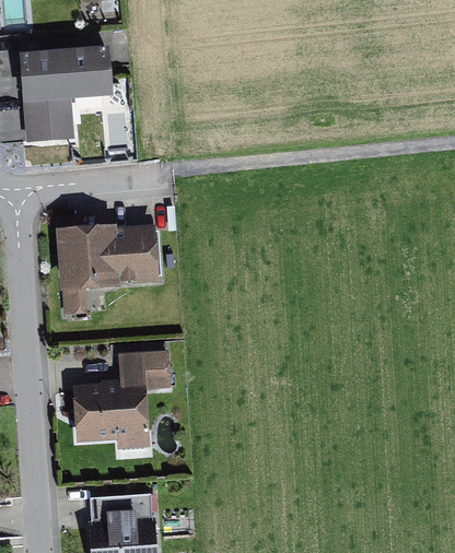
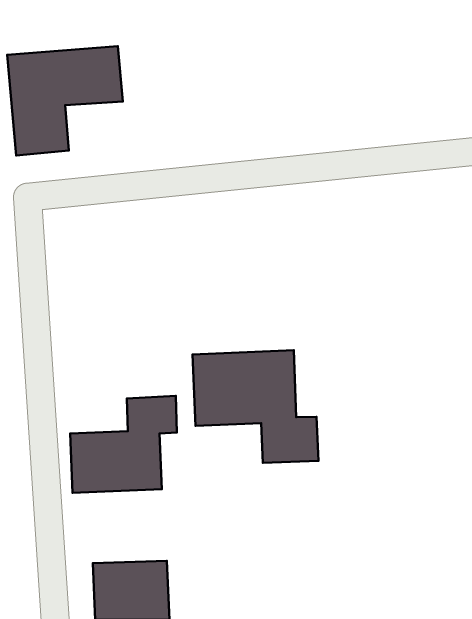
building: [57,224,155,310] -> none
building: none -> [192,350,319,463]

